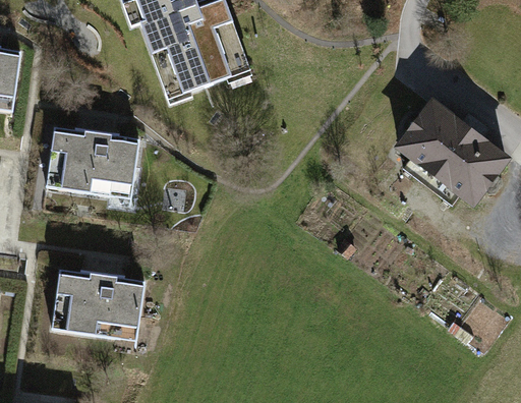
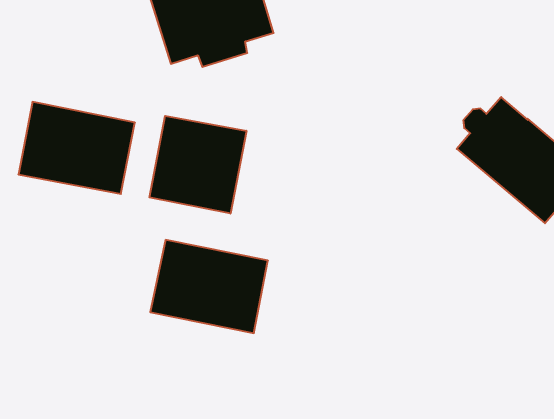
building: none -> [149,116,246,214]
building: [51,269,143,340] -> [150,240,268,333]

